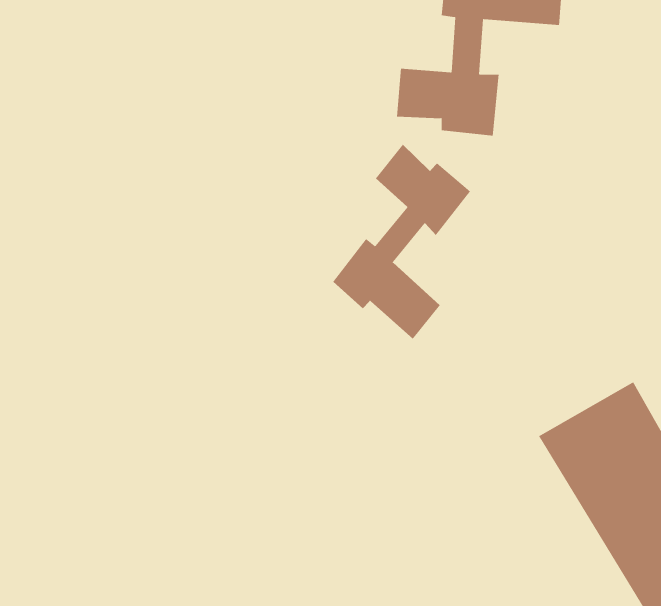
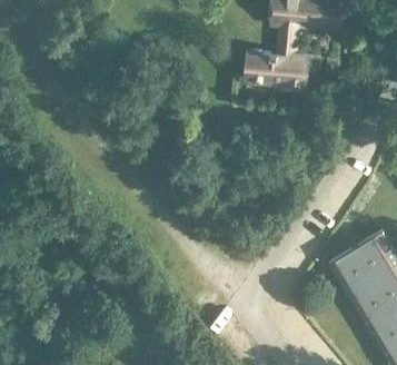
building: [332,144,471,340] -> none

